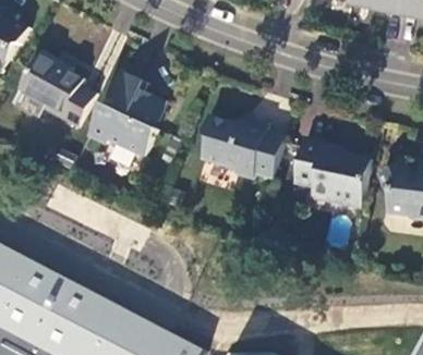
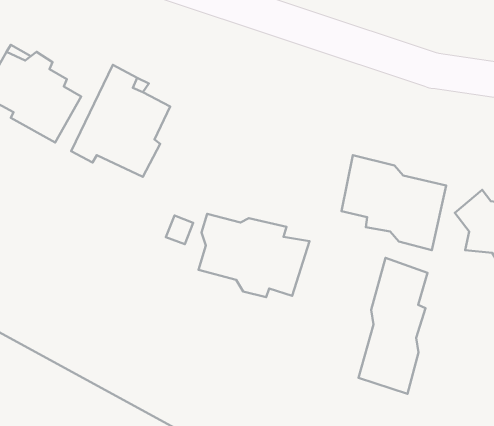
building: [203,117,287,180] -> [199,214,309,297]
building: none -> [359,258,427,394]

